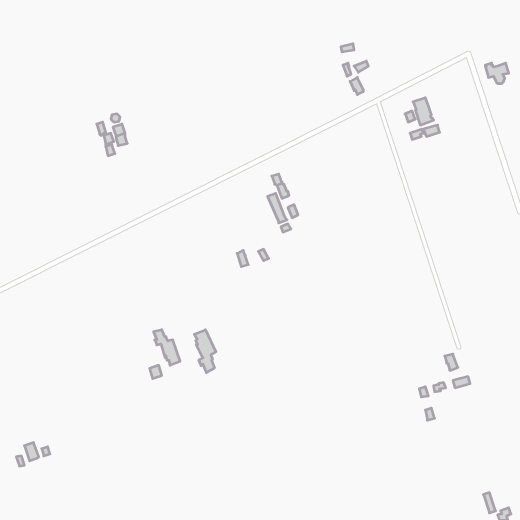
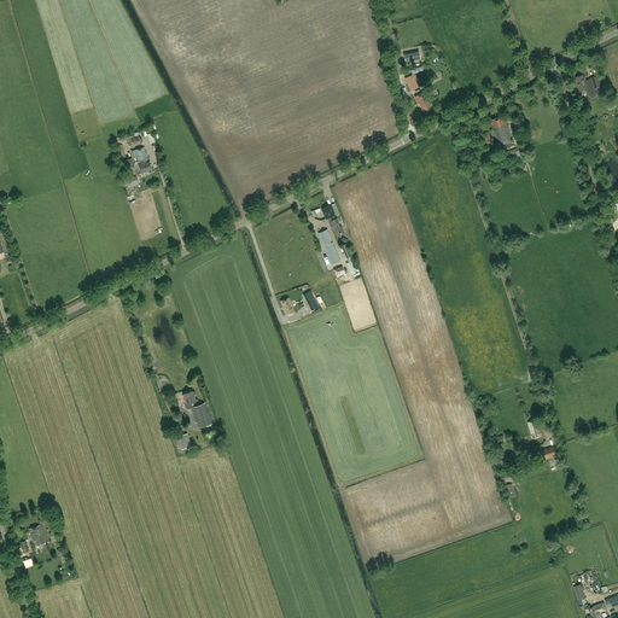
building: [194,330,216,373] -> none

